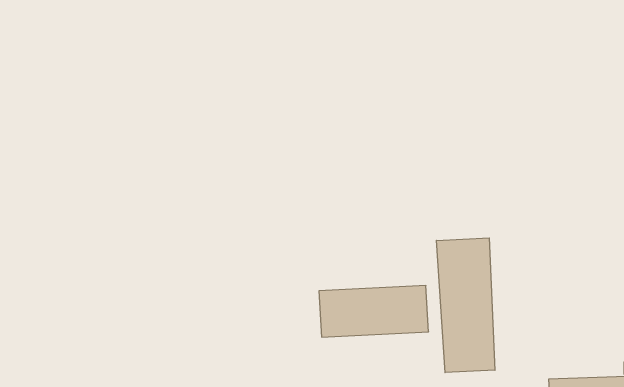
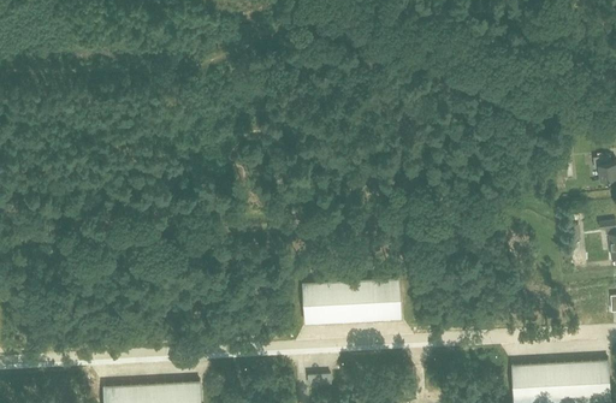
building: [436,238,495,373] -> none

